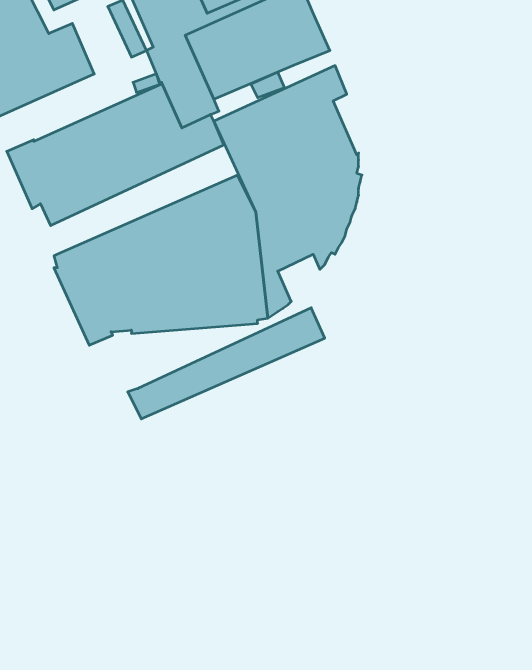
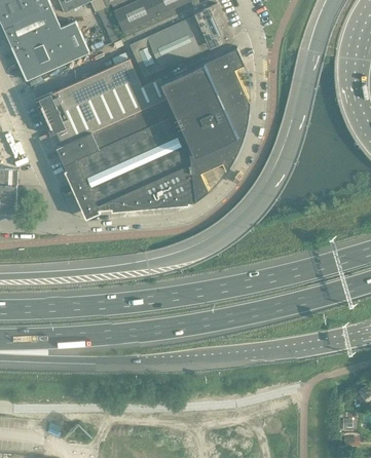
building: [128,308,325,419] -> [55,96,176,163]

